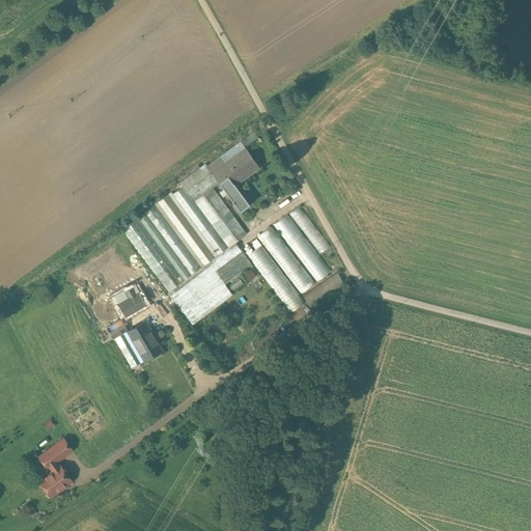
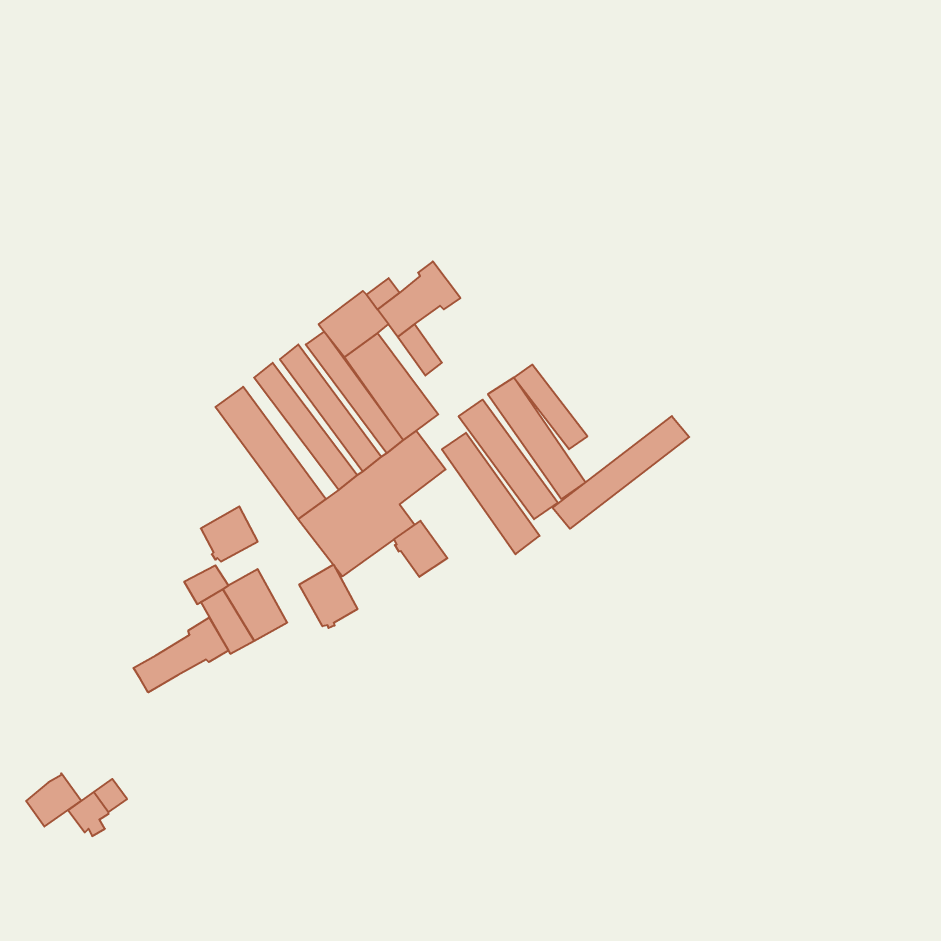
building: none -> [553,416,689,529]
building: none -> [394,521,447,577]
building: none -> [299,565,357,628]
building: none -> [133,617,228,692]
building: [39,466,71,496] -> [26,773,81,827]

